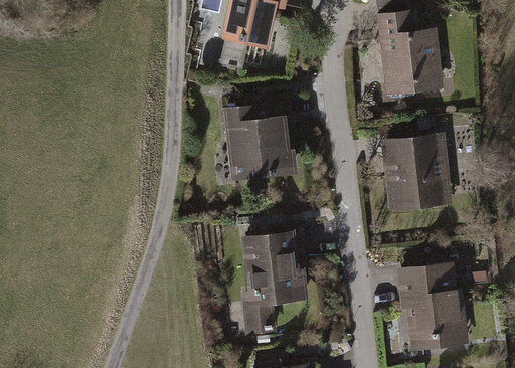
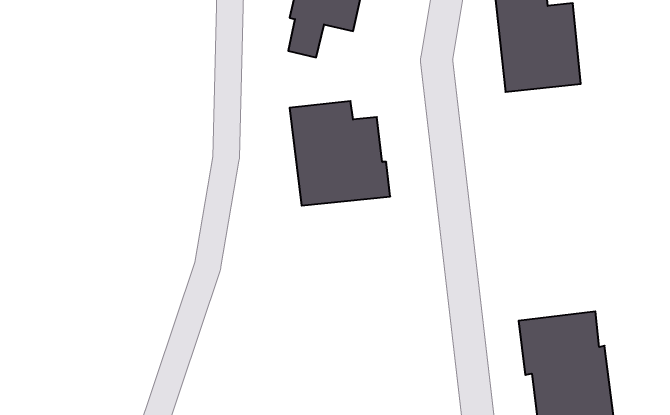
building: [379,133,452,212] -> none
building: [239,230,308,336] -> none

